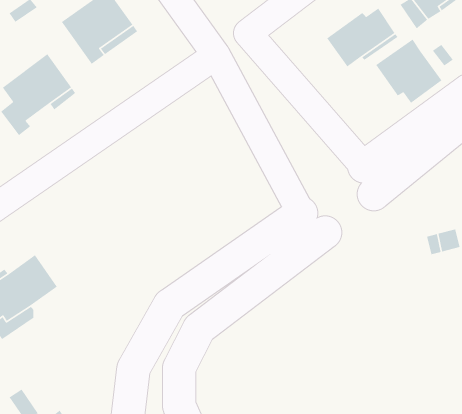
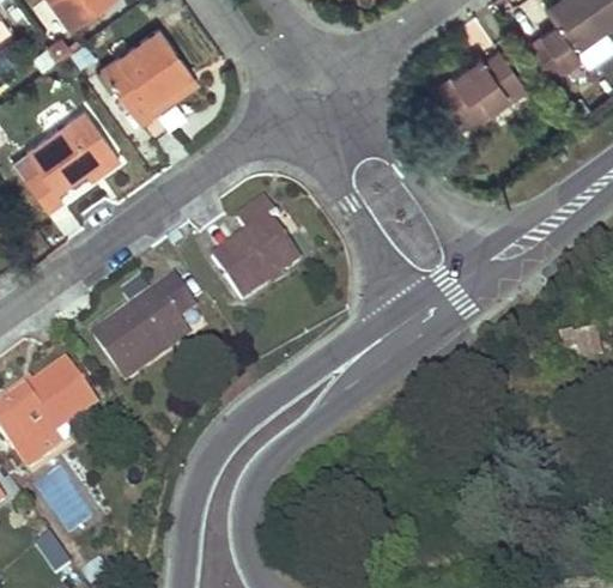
building: [375,39,442,104] -> none
building: none -> [212,196,303,301]
building: none -> [92,278,205,380]

